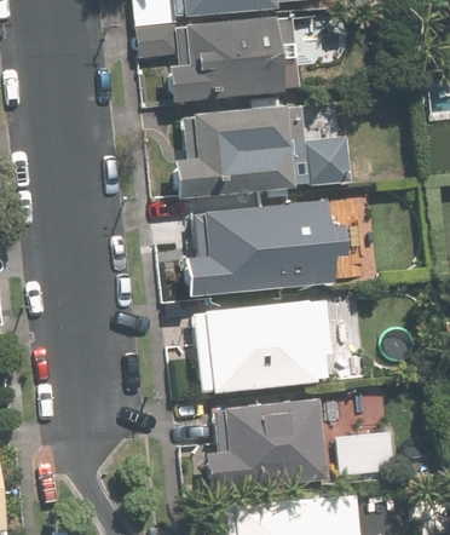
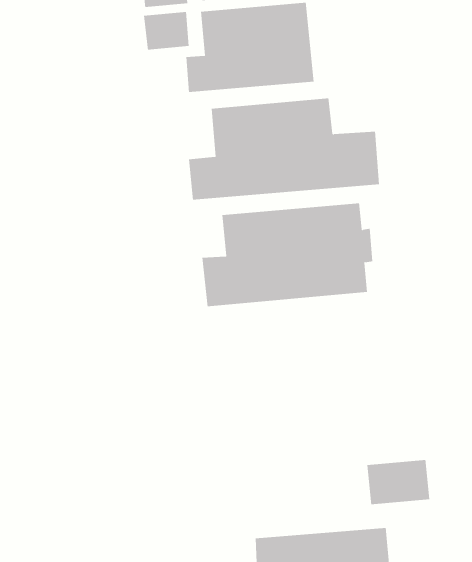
building: [206,303,321,392] -> none
building: [207,399,331,491] -> none

